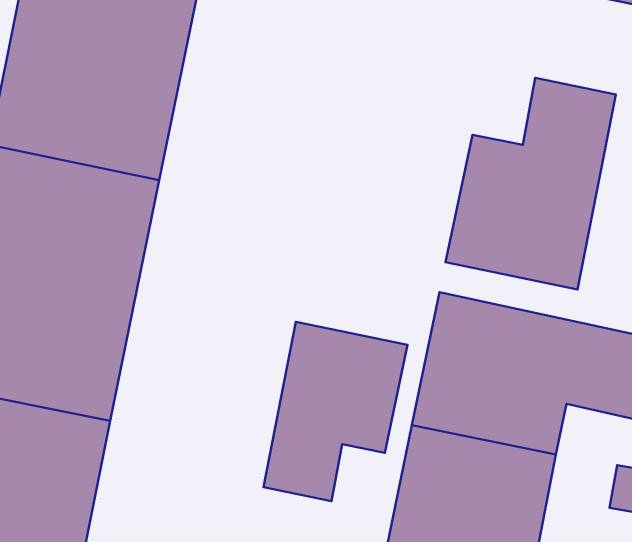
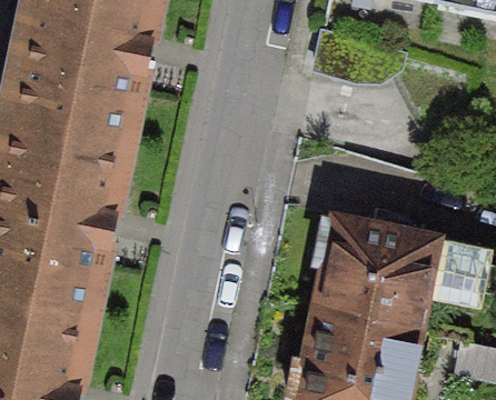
building: [445,78,616,289] -> none
building: [263,322,408,501] -> none

